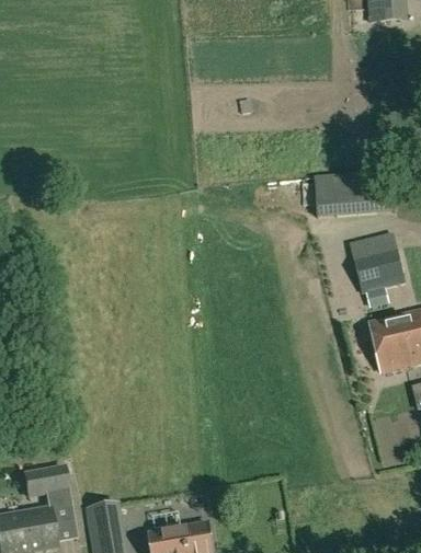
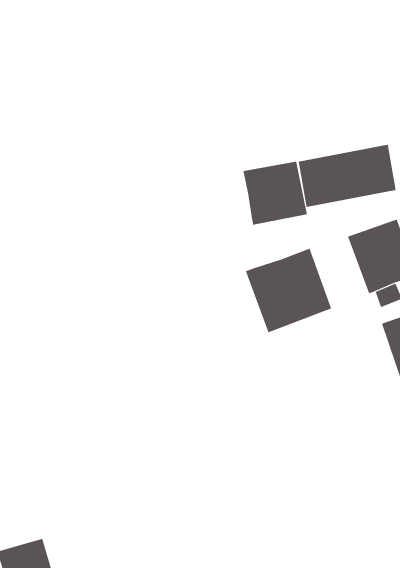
building: none -> [243,161,307,225]
building: none -> [245,248,332,333]

